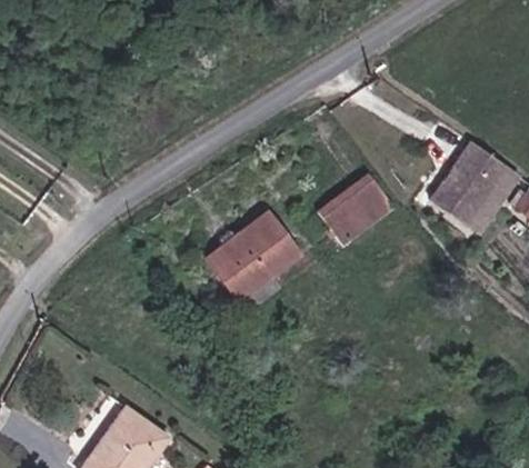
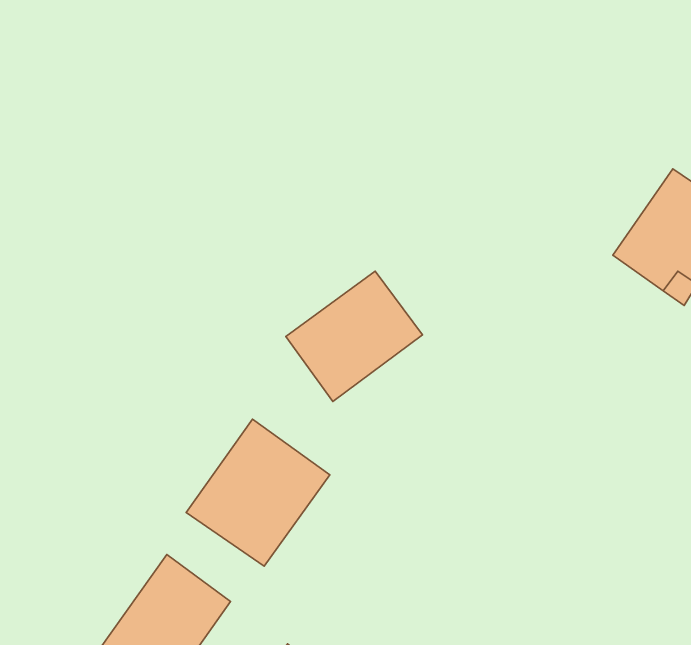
building: [320,176,392,242] -> none
building: none -> [186,419,330,566]

